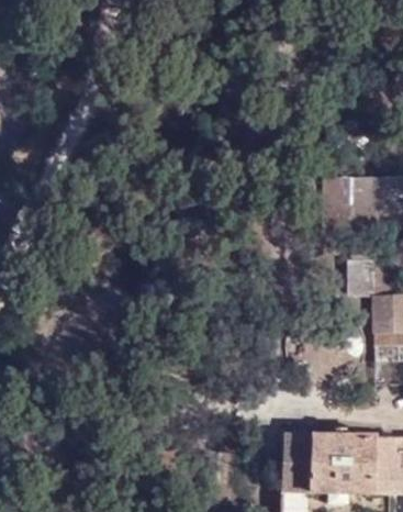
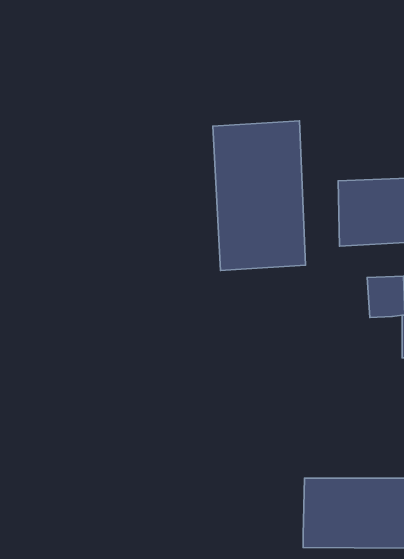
building: none -> [213,121,306,270]

